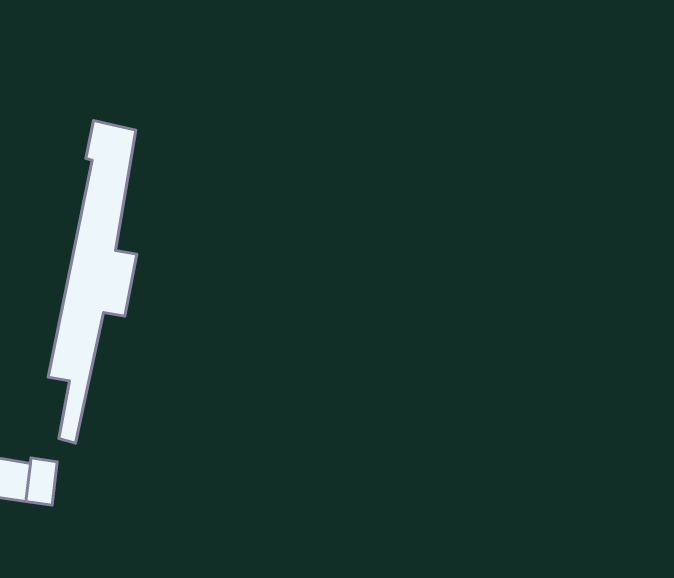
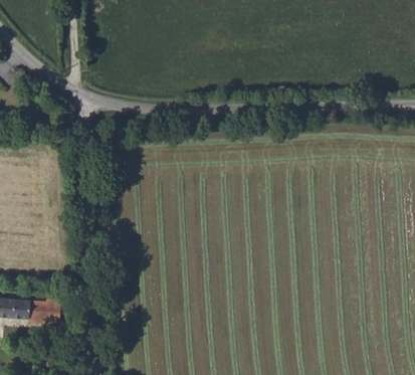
building: [48,120,137,443] -> none

